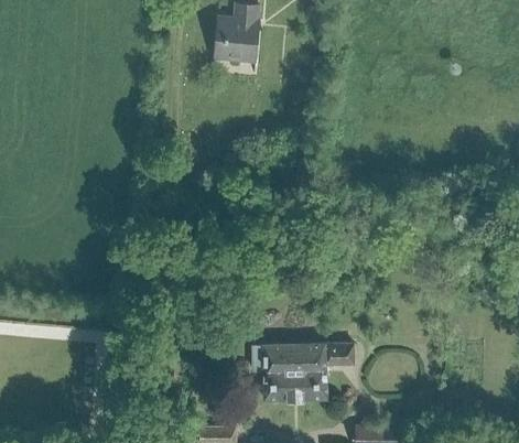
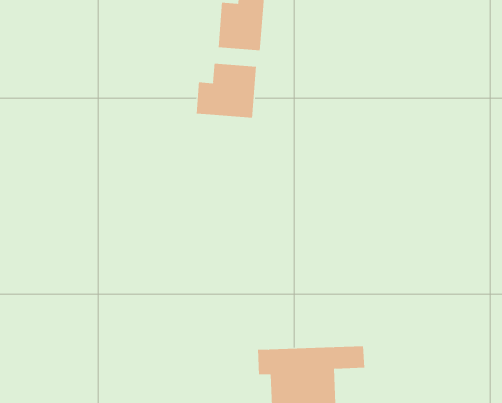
building: none -> [196,63,256,119]

